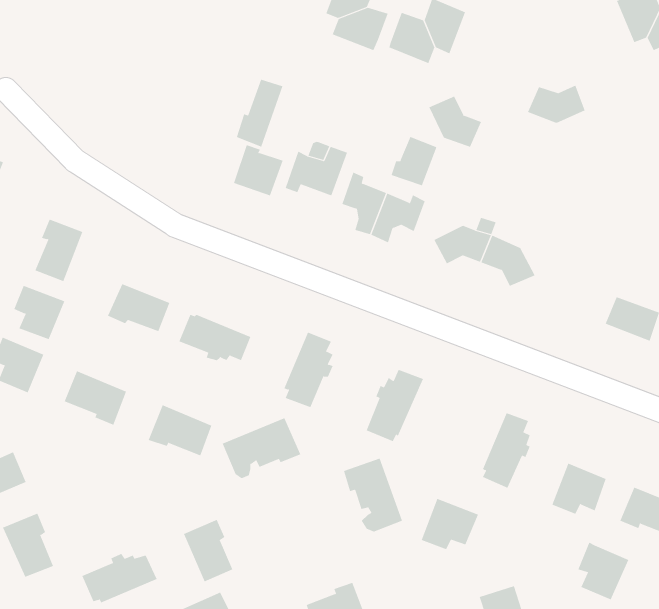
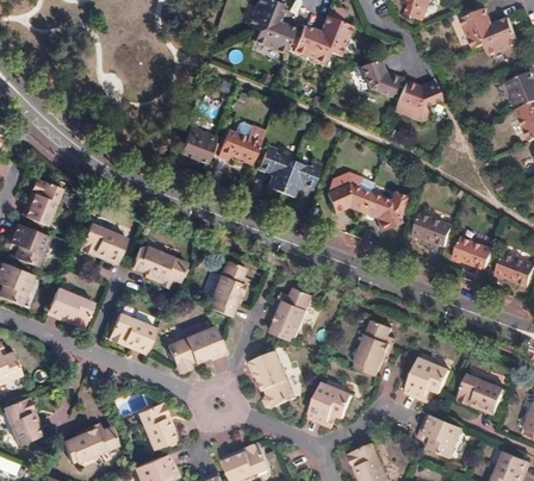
building: [236,79,283,147] -> none
building: [429,96,482,148] -> [353,57,392,95]
building: [391,136,437,186] -> none
building: none -> [408,211,447,244]

